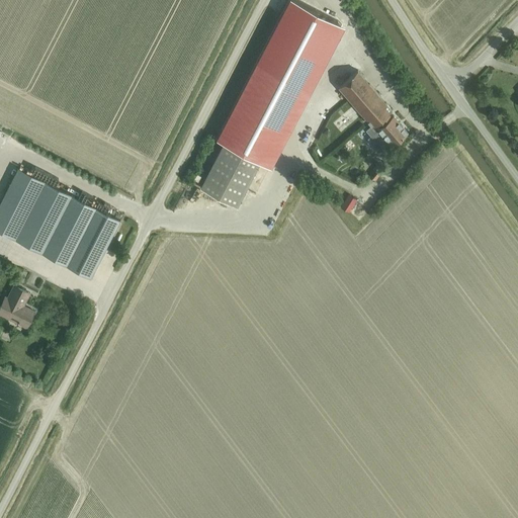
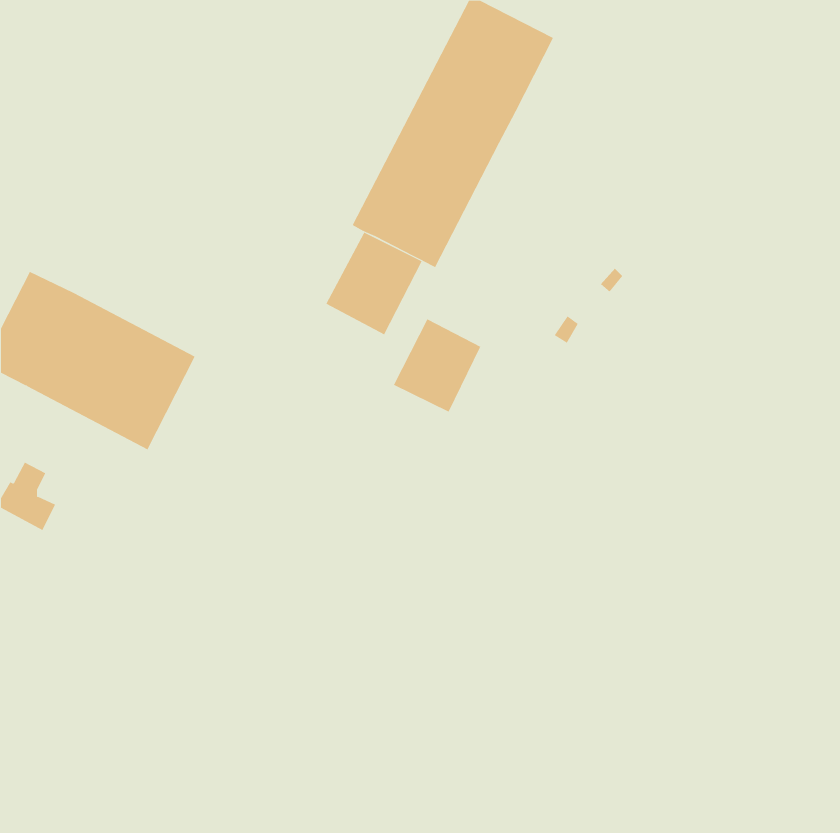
building: [338,74,408,149] -> none
building: none -> [393,318,482,413]

